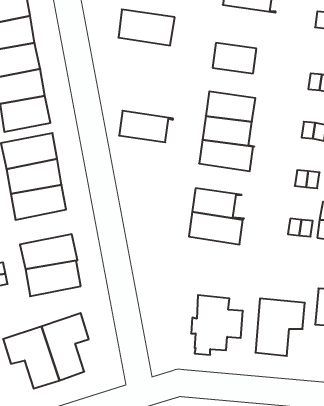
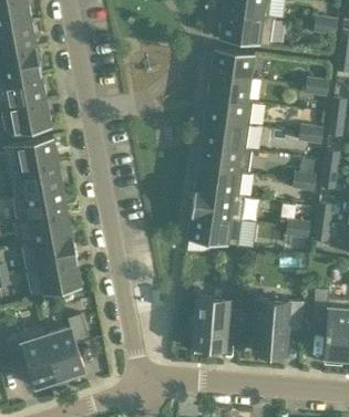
building: [118,9,175,45] -> [218,10,274,45]
building: none -> [208,72,254,102]
building: [119,111,173,142] -> [195,166,248,197]
building: none -> [22,211,73,246]

